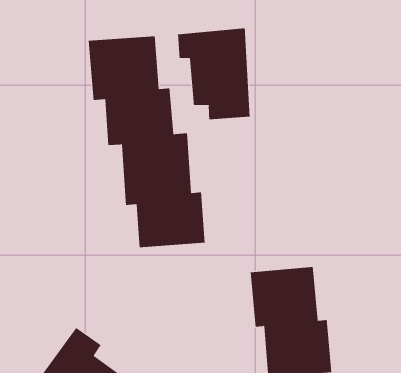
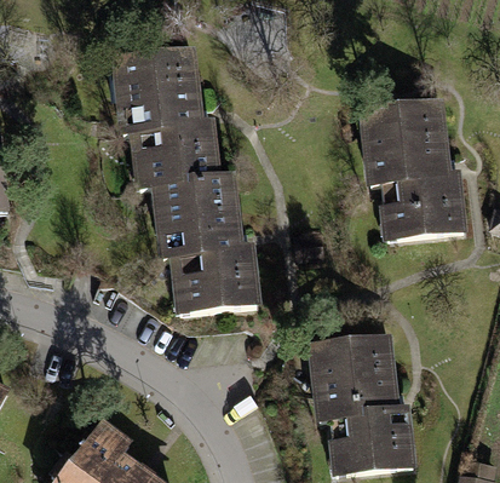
building: [178,27,250,120] -> none
building: none -> [361,103,464,237]

